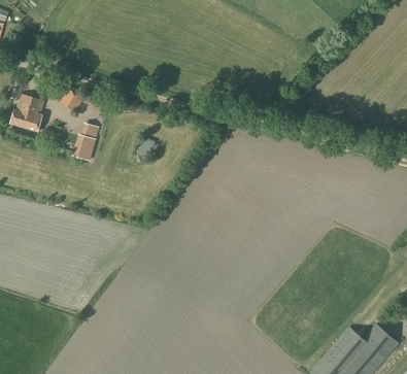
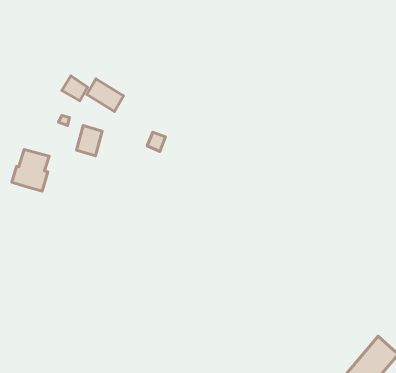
building: none -> [87,79,123,111]
building: [10,95,44,133] -> [12,149,49,191]

